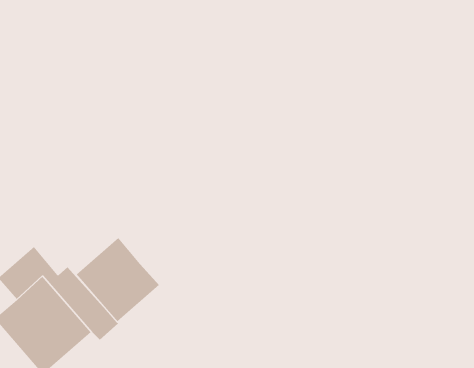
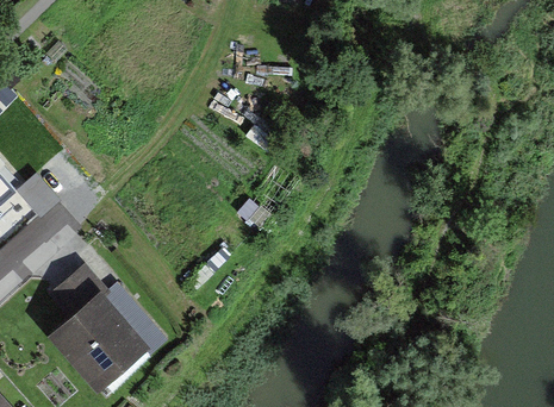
building: [76,237,160,322] -> none

